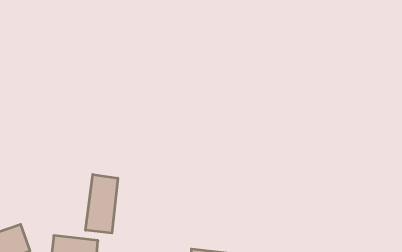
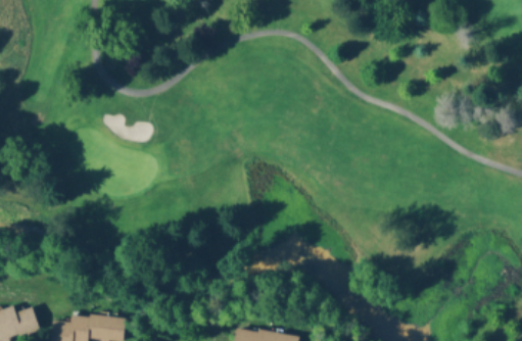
building: [86,174,118,233] -> none

